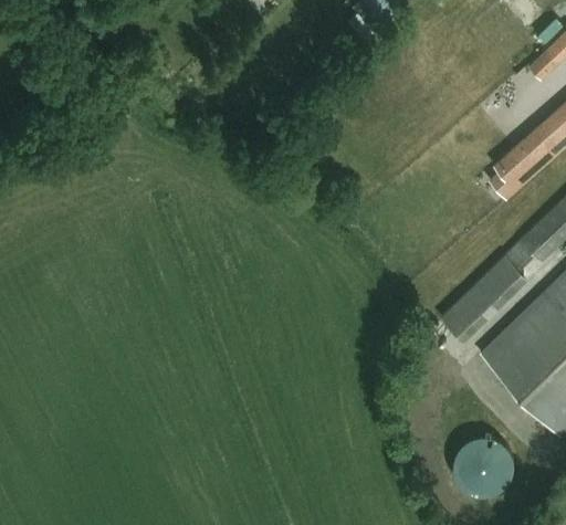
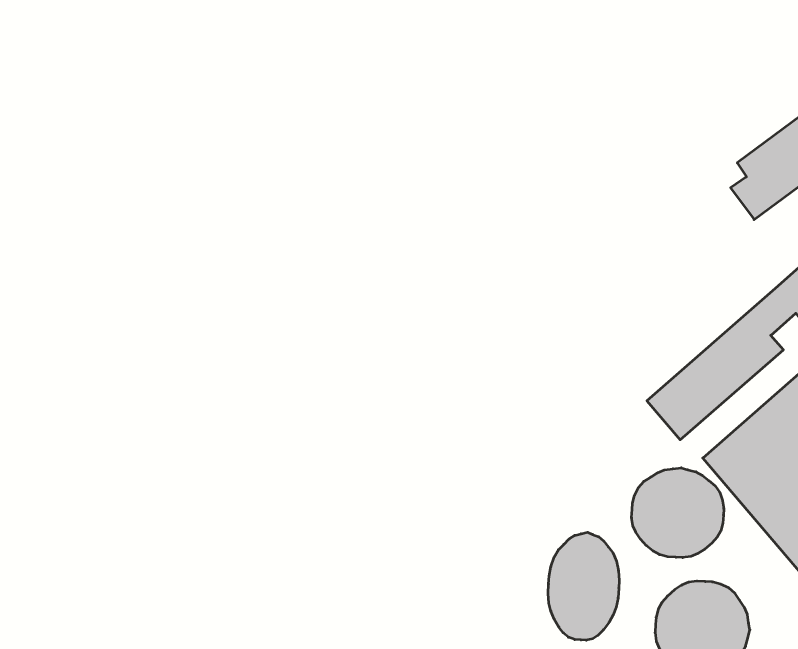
building: none -> [632,468,724,558]
building: none -> [548,532,619,640]

